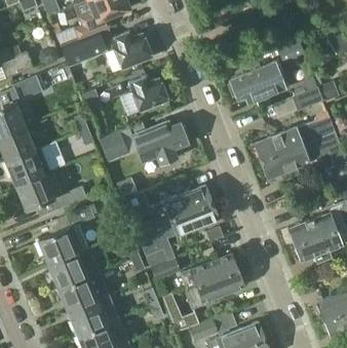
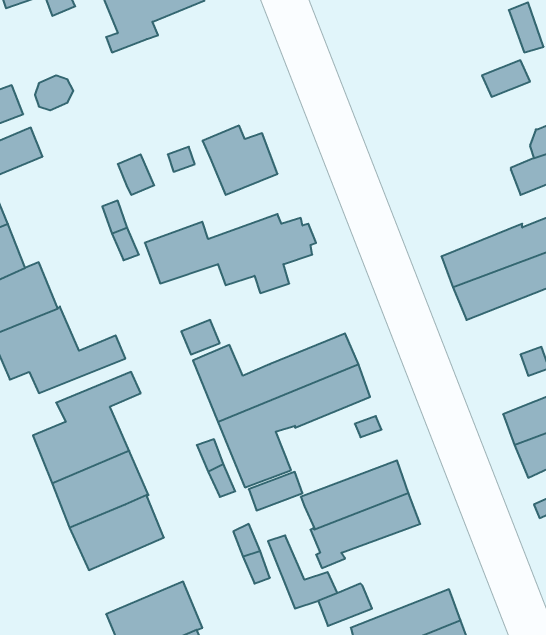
building: [61,28,151,68] -> none
building: [229,61,291,103] -> none
building: [68,294,118,335] -> none

